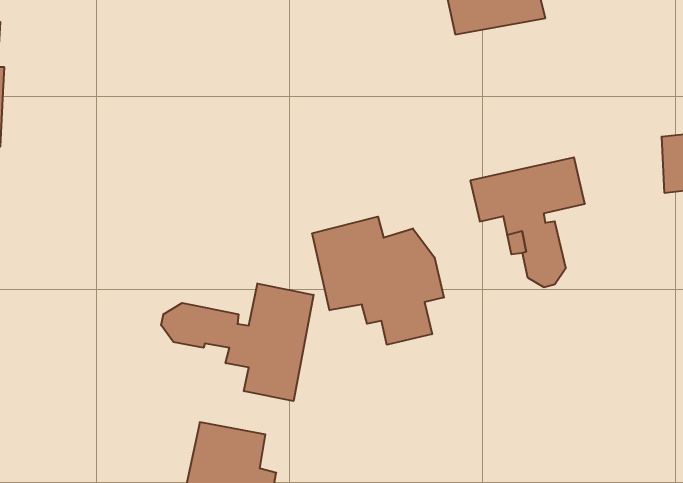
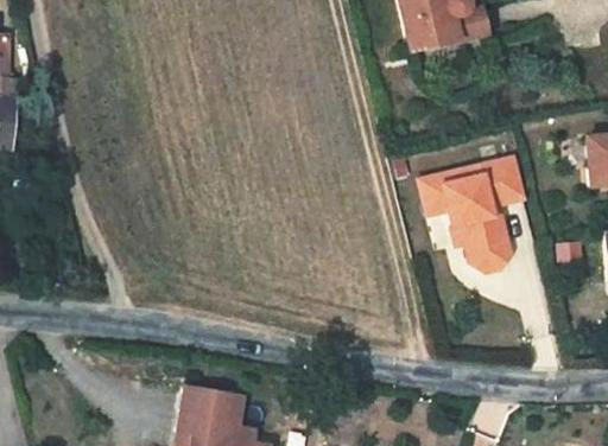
building: [312,217,444,345] -> none
building: [161,283,314,401] -> none

